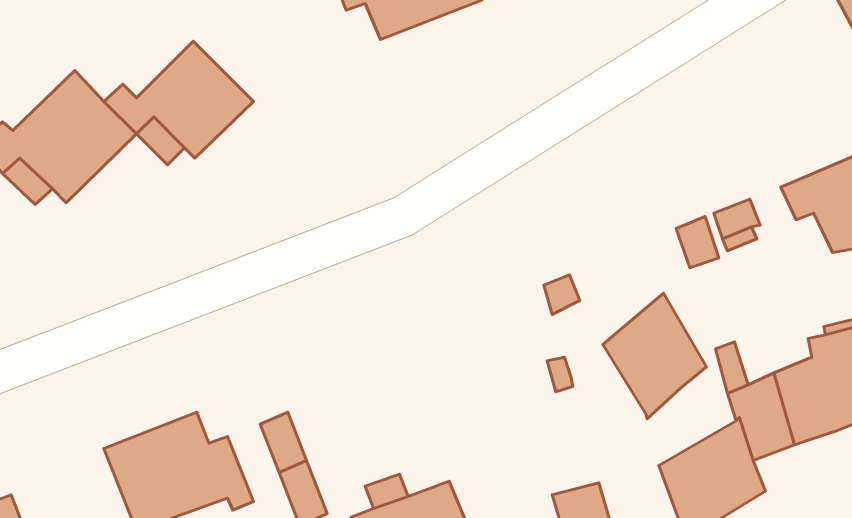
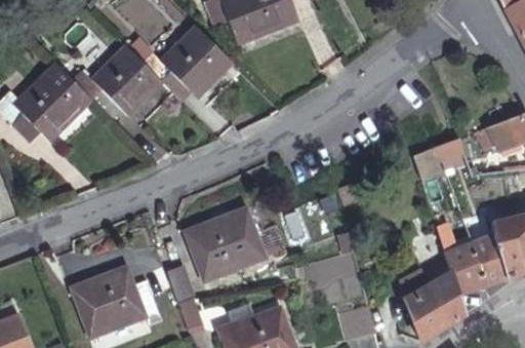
building: none -> [131,27,232,101]
building: [603,293,706,419] -> none
building: none -> [188,207,267,281]

